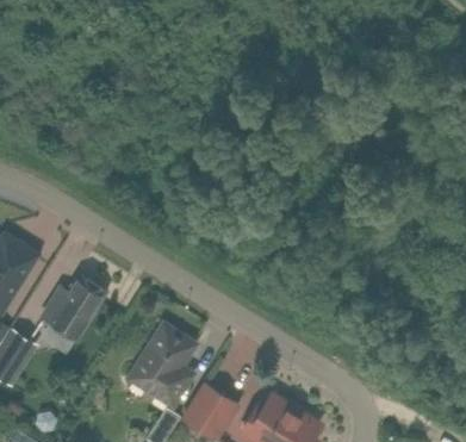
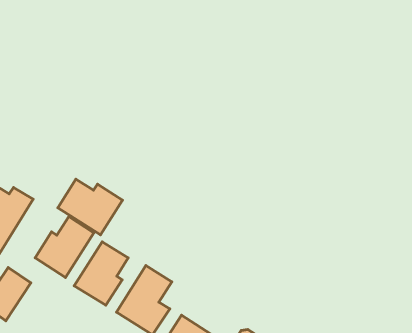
building: none -> [58,179,122,235]
building: none -> [74,242,128,305]

